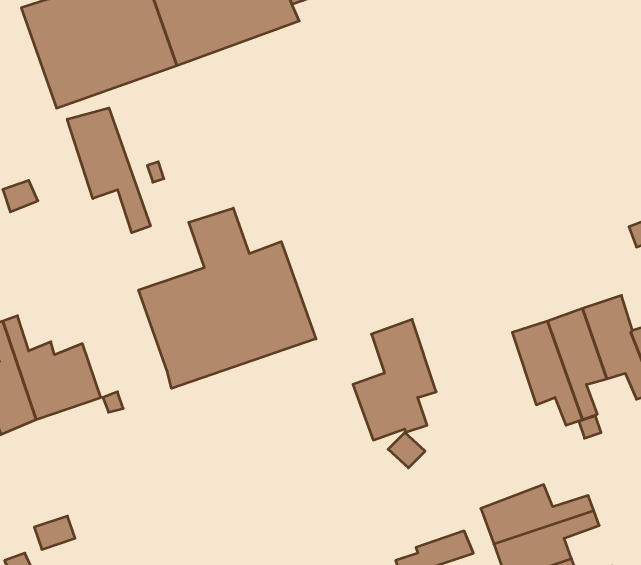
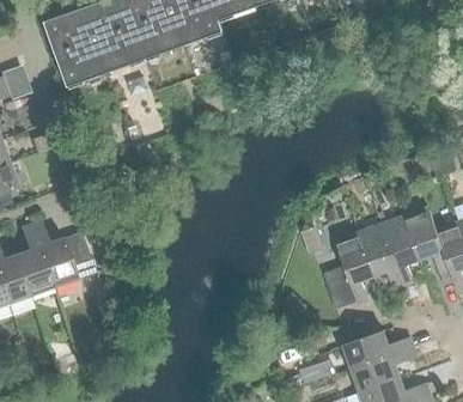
building: [67,108,150,233] -> none
building: [139,208,316,388] -> none
building: [353,319,436,440] -> [322,231,376,309]

